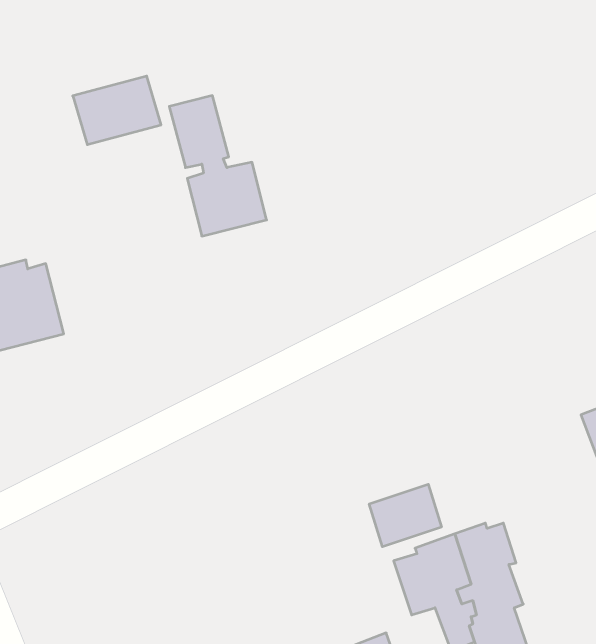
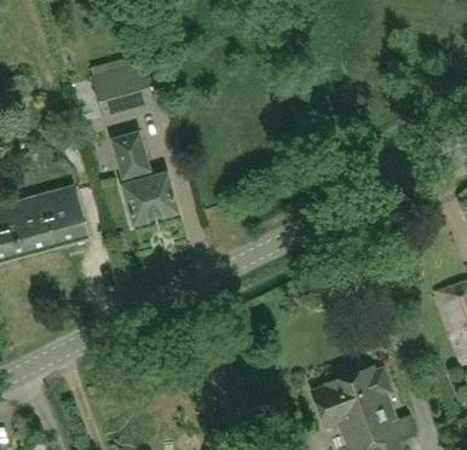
building: [169,96,267,236] -> [110,131,175,225]
building: [369,484,441,547] -> none

